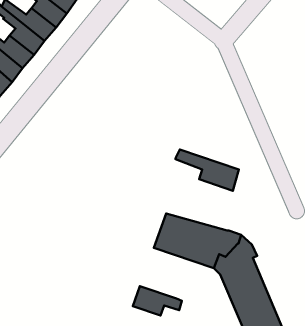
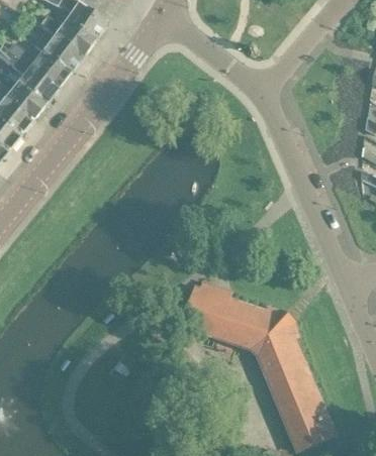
building: [175,150,239,191] -> none
building: [133,286,182,315] -> none

